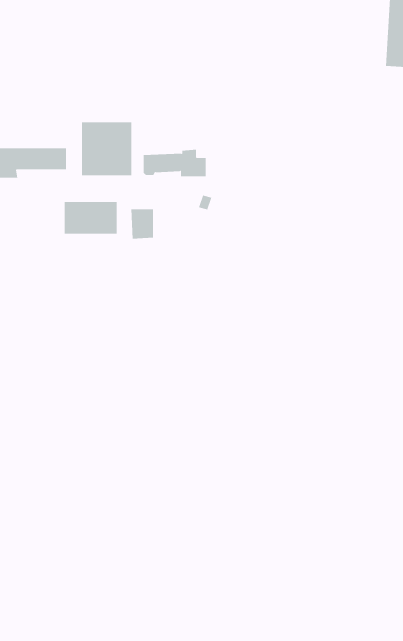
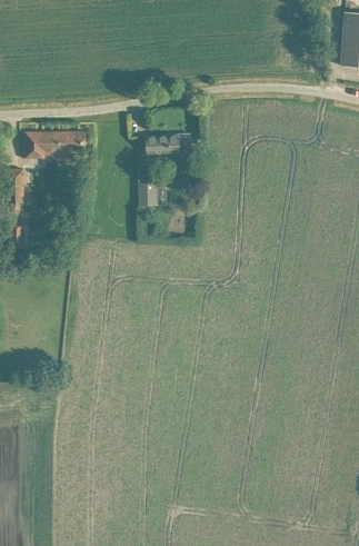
building: [81,121,132,176] -> none
building: [64,201,117,234] -> none

